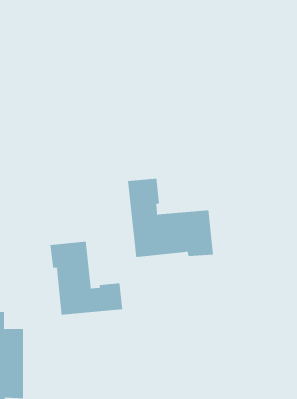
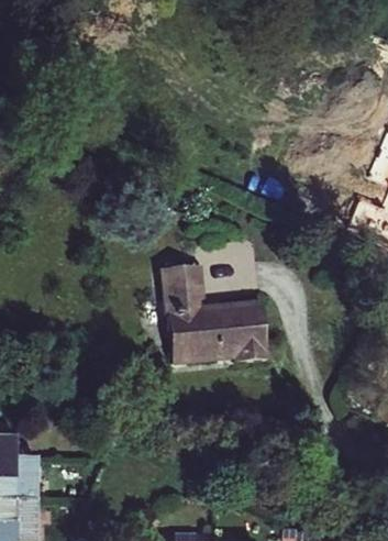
building: [50,241,123,316] -> none

